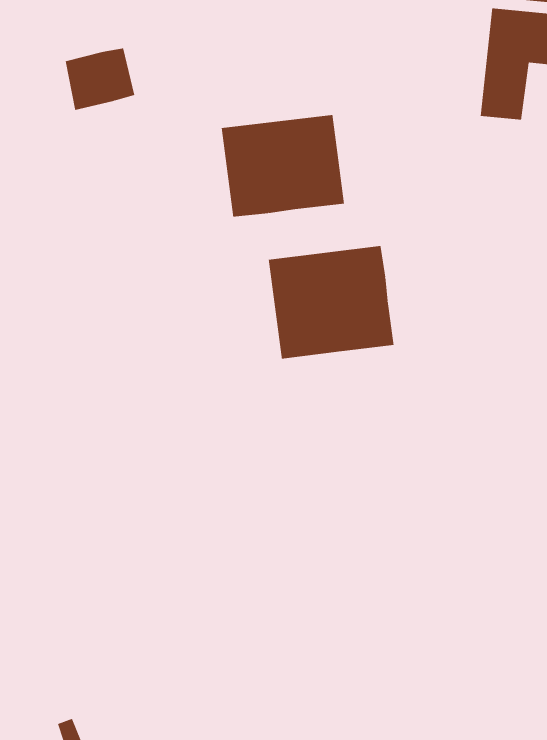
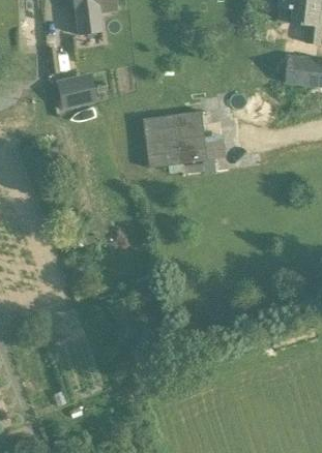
building: [268,245,394,359] -> none

